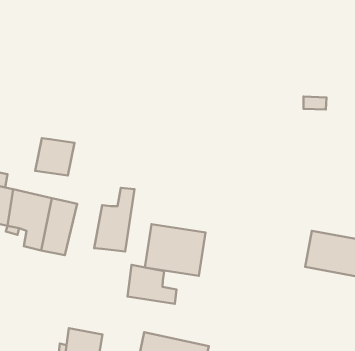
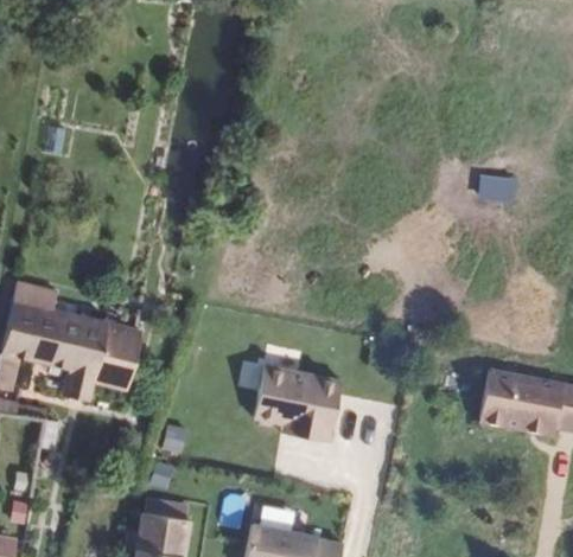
building: [35,138,75,176] -> none
building: [94,188,135,251] -> none
building: [128,265,176,304] -> none

